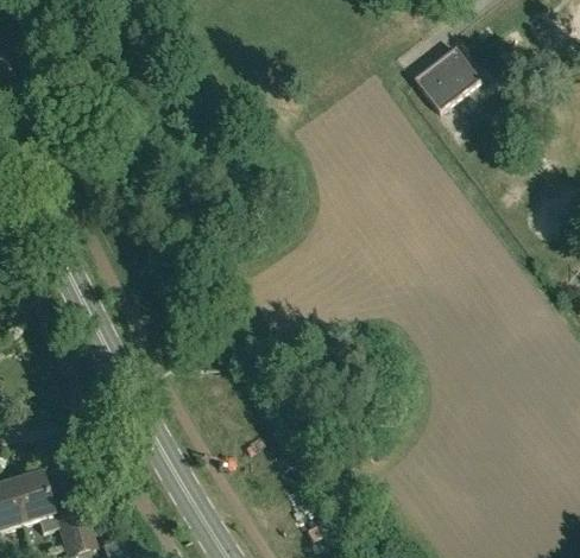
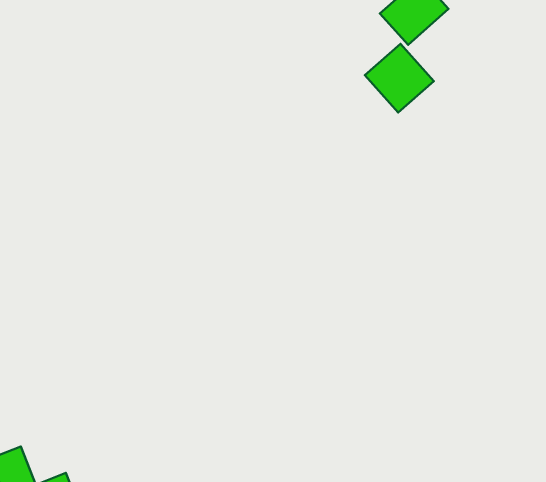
building: none -> [365,44,434,113]

